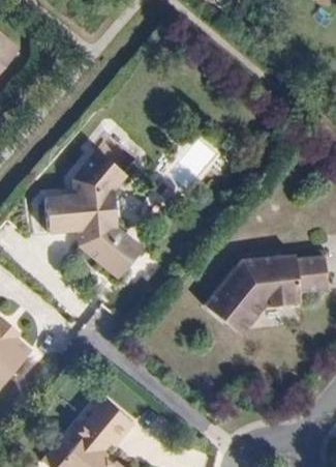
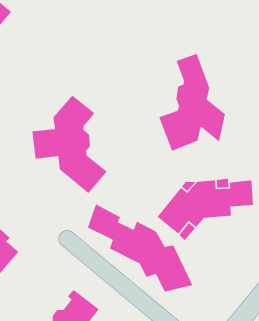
building: none -> [158,53,226,152]
building: none -> [87,203,193,293]

